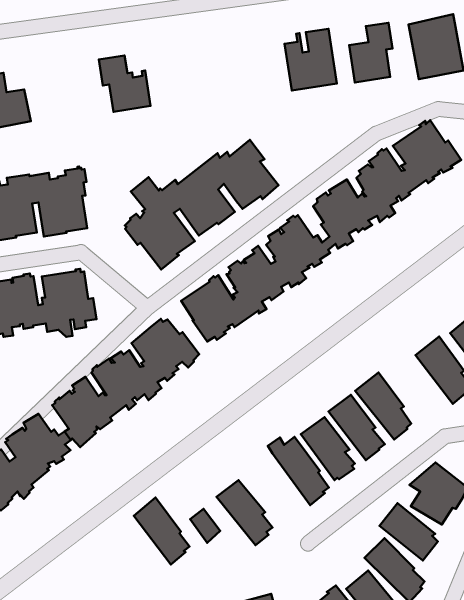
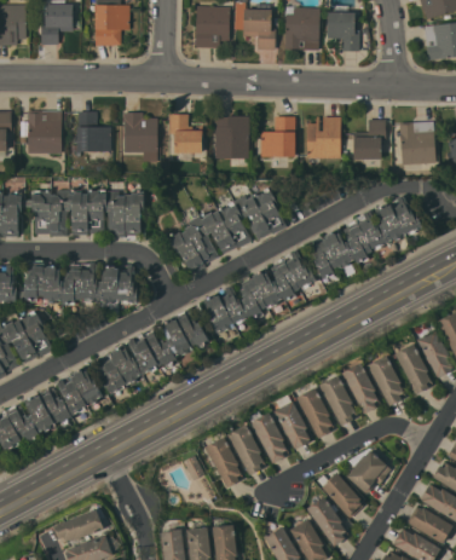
building: none -> [260,117,295,157]
building: none -> [213,116,248,158]
building: none -> [123,112,157,161]
building: none -> [341,363,379,414]
building: [134,498,190,564] -> [227,425,265,475]

